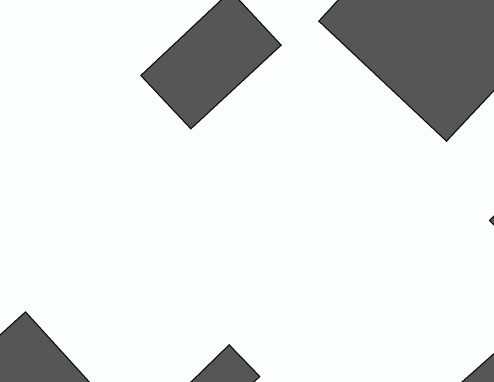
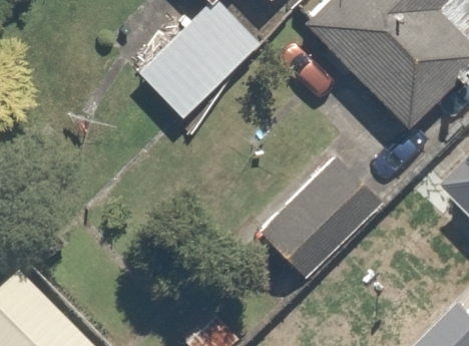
building: none -> [250,137,392,279]

